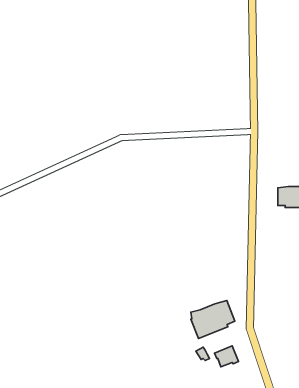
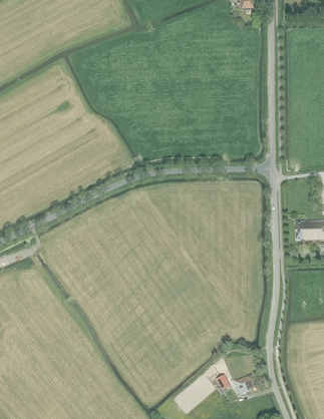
building: [191,301,235,339] -> none

